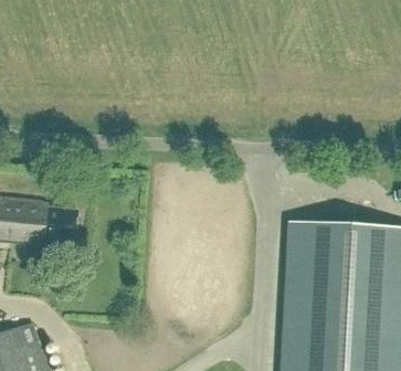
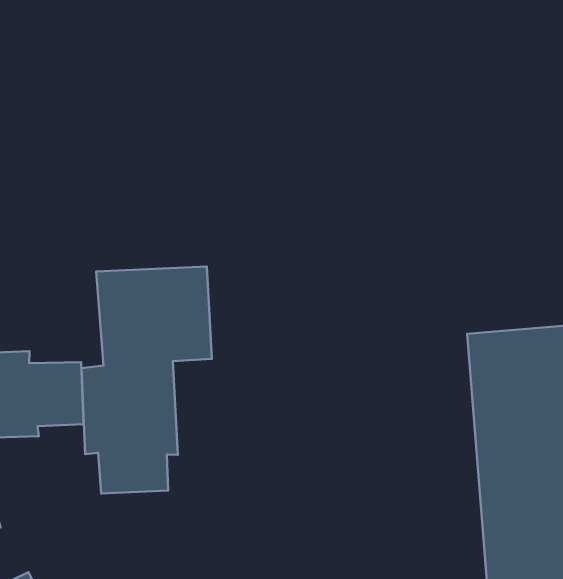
building: none -> [82,267,212,493]

